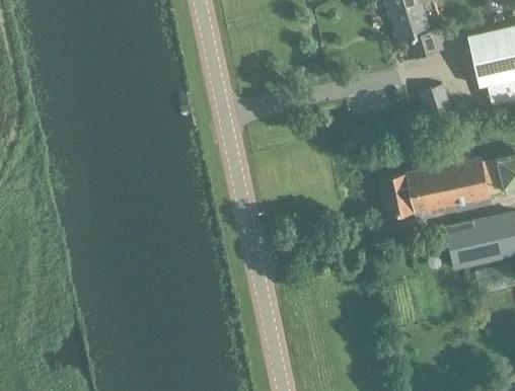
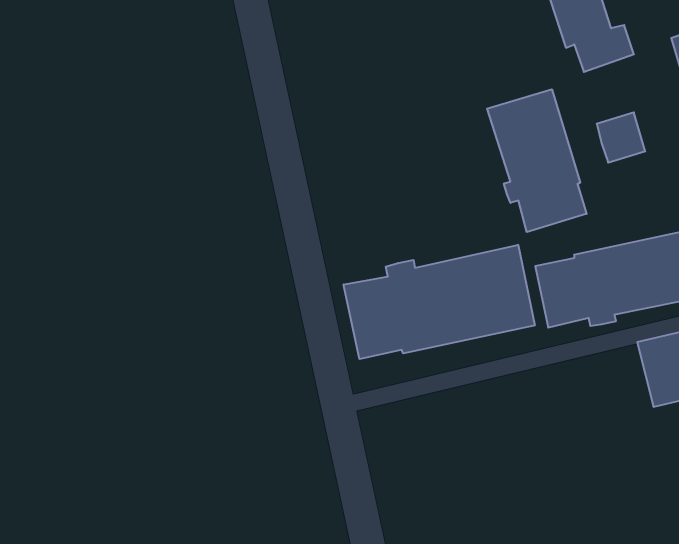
building: none -> [487,89,587,232]
building: none -> [344,245,535,359]

